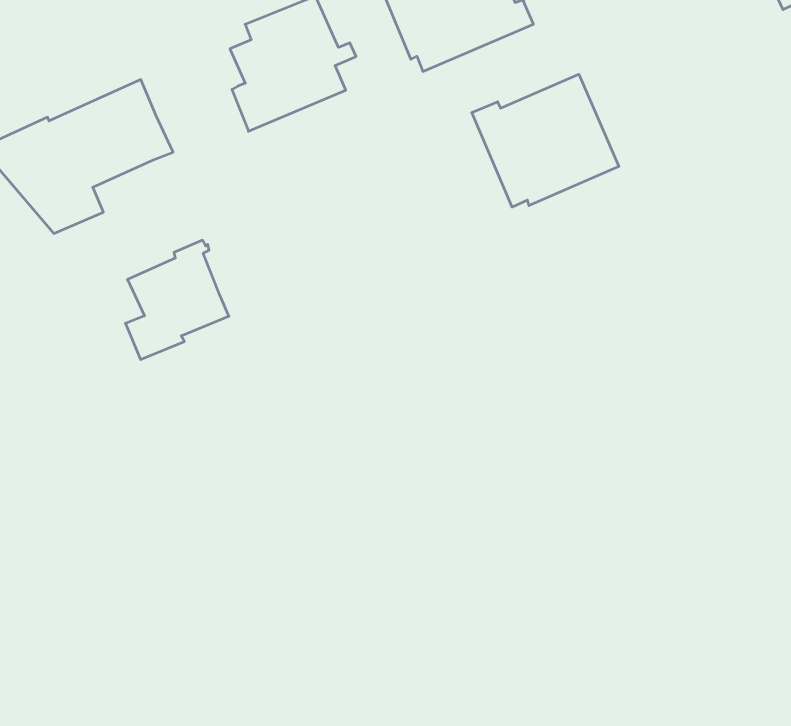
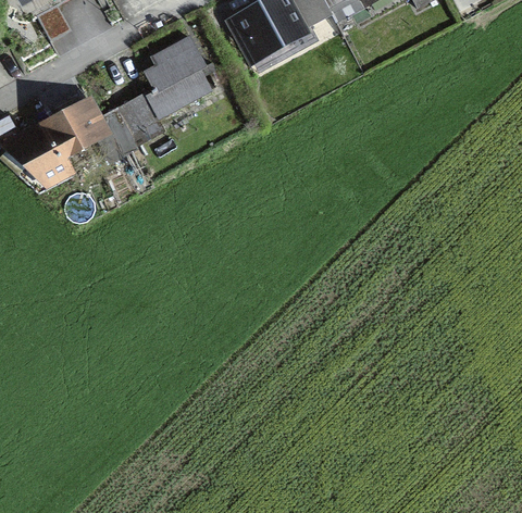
building: [472,74,619,207] -> none
building: [125,240,229,360] -> [101,86,163,160]

